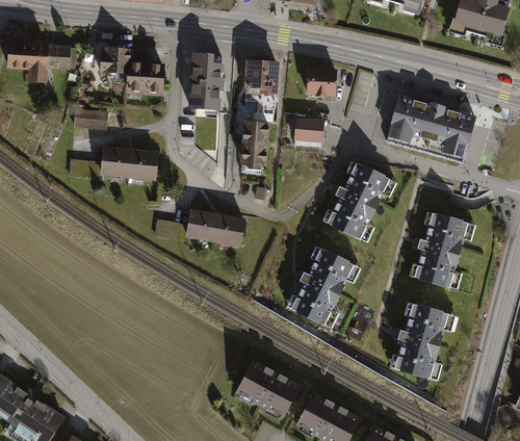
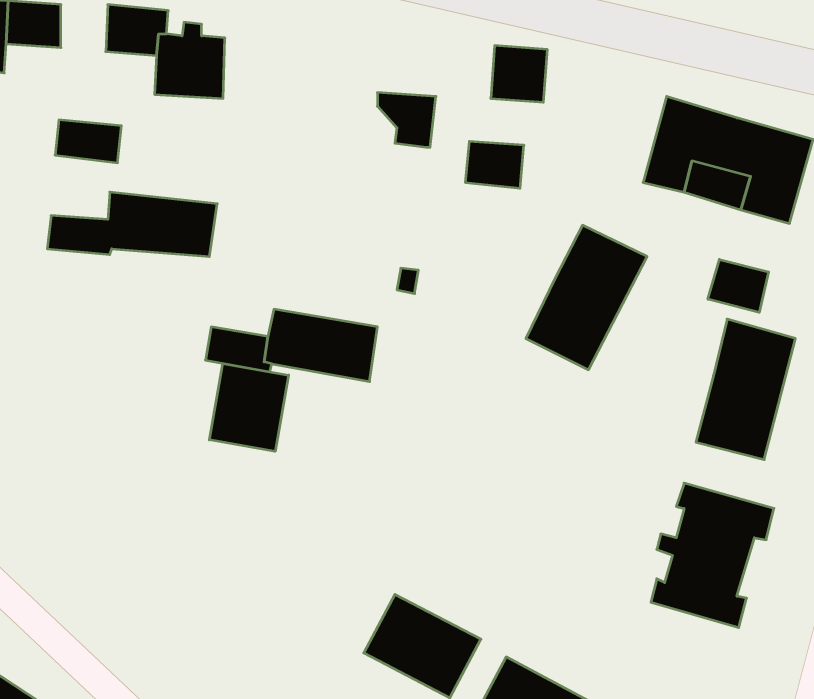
building: [189,53,222,108] -> none
building: [244,59,280,95] -> none
building: [241,120,270,168] -> none
building: none -> [708,259,769,312]
building: none -> [209,364,289,451]
building: [289,250,352,327] -> none

